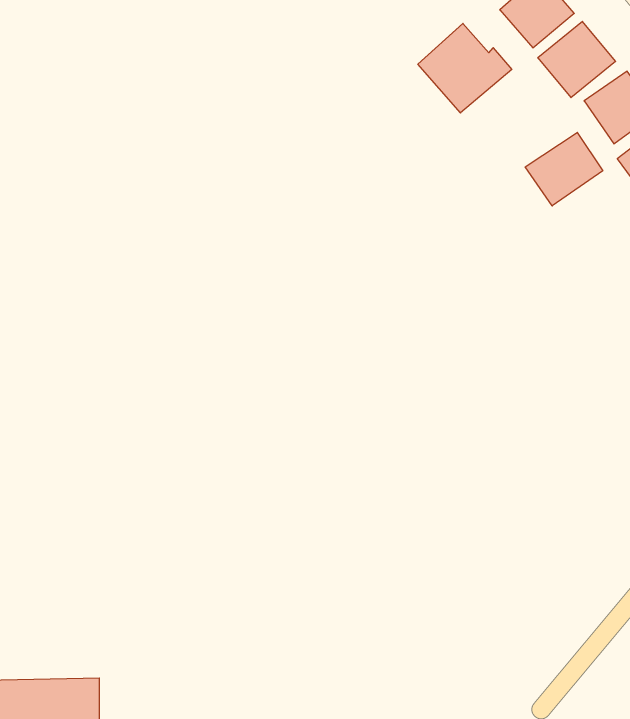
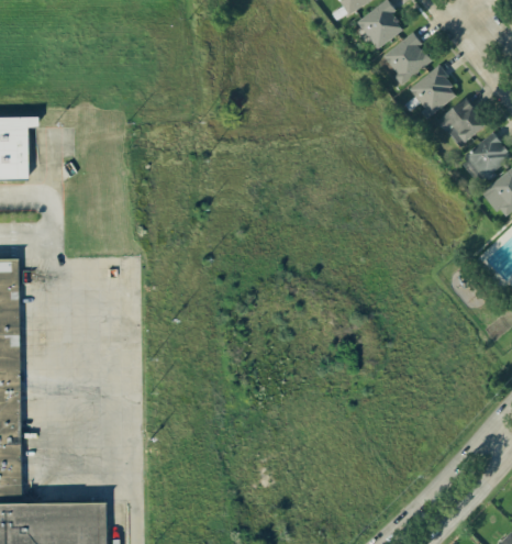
building: [418,23,512,113] -> none
building: [525,132,603,206] -> none

